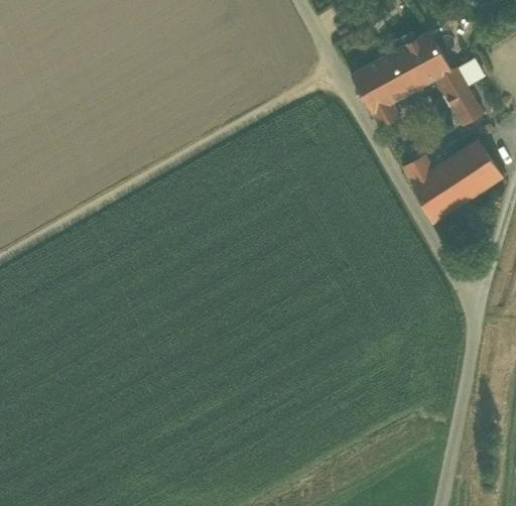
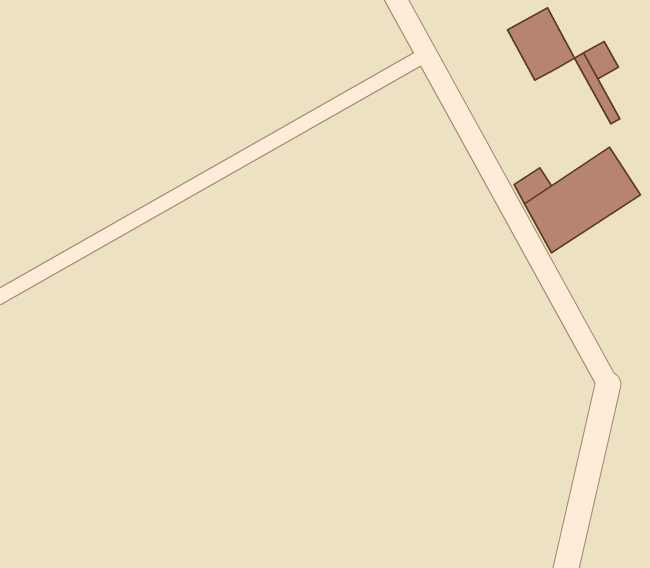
building: [351,47,418,126] -> none
building: [433,70,478,127] -> none

